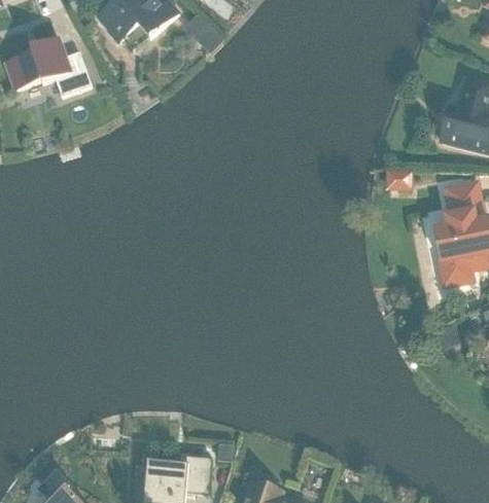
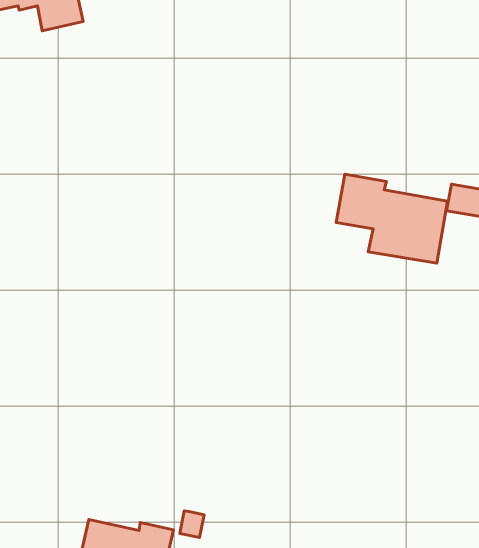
building: none -> [336,174,447,263]

